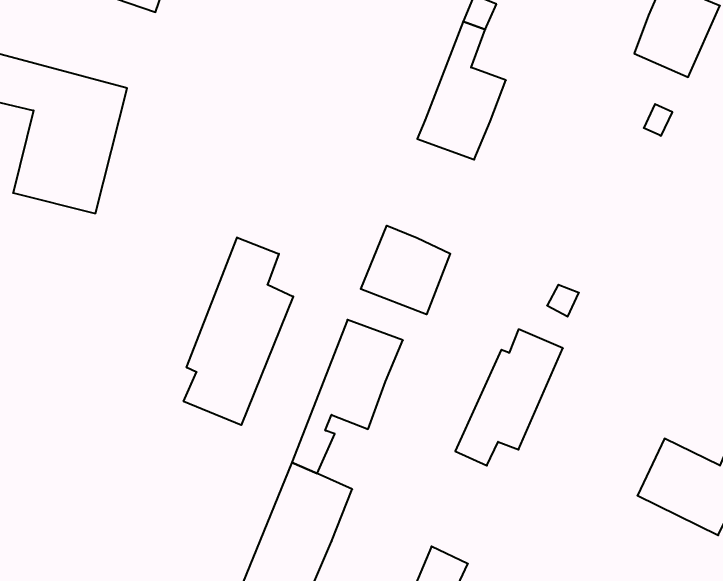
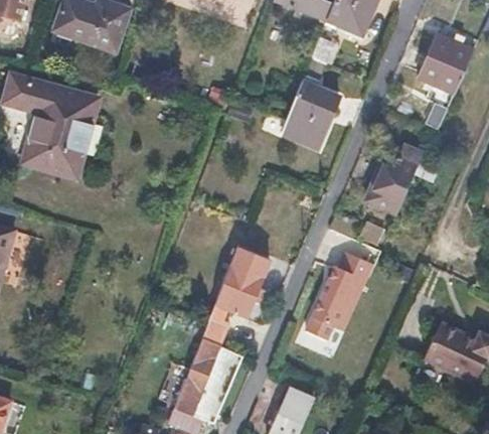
building: none -> [364,144,424,213]
building: [361,226,450,314] -> none
building: [184,237,293,425] -> none

